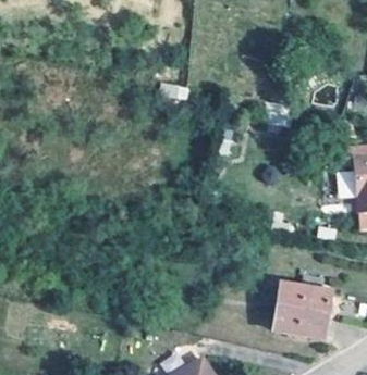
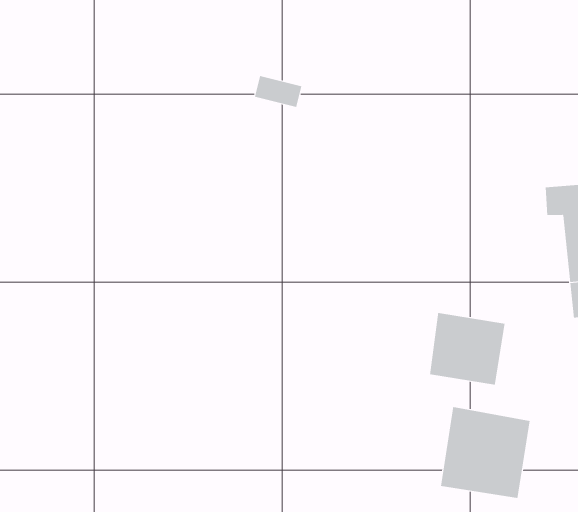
building: none -> [429,312,505,385]

